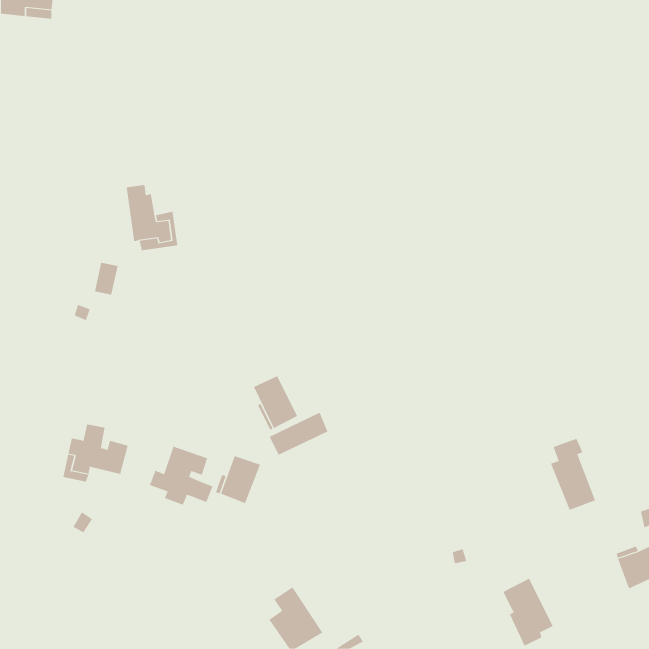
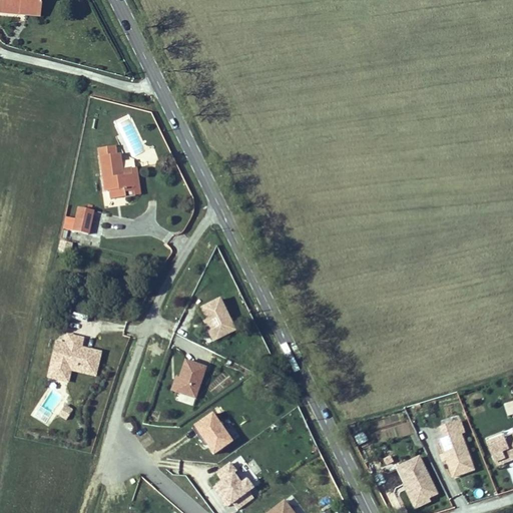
building: [269,412,328,456] -> none
building: [550,438,596,511] -> [437,419,473,476]
building: [149,446,213,506] -> none
building: none -> [193,413,231,459]

